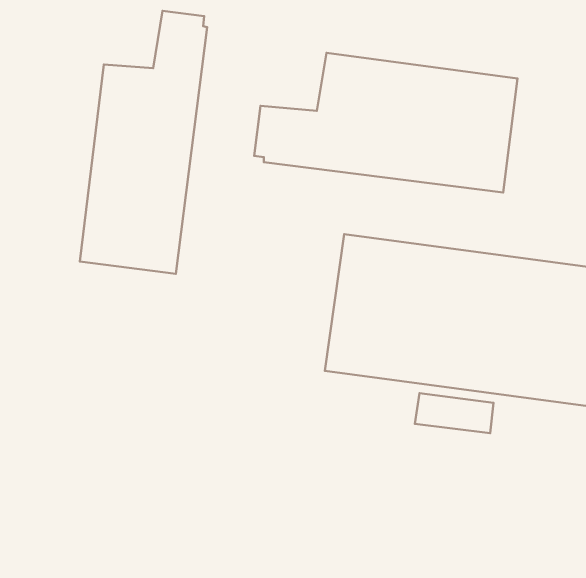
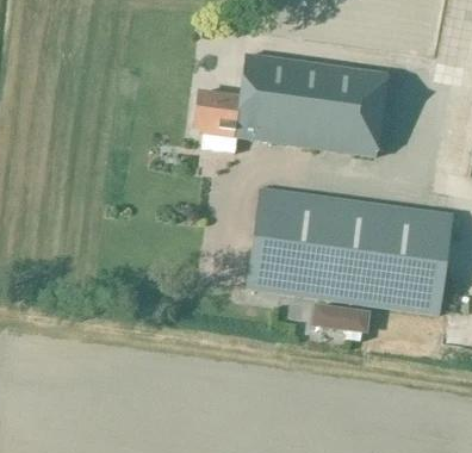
building: [80,11,207,274] -> none

